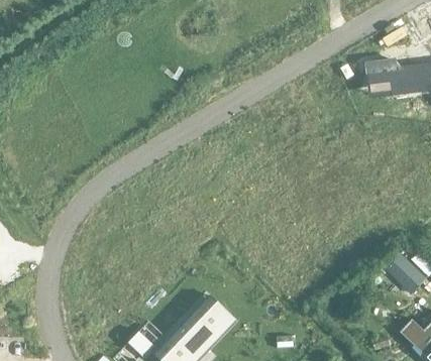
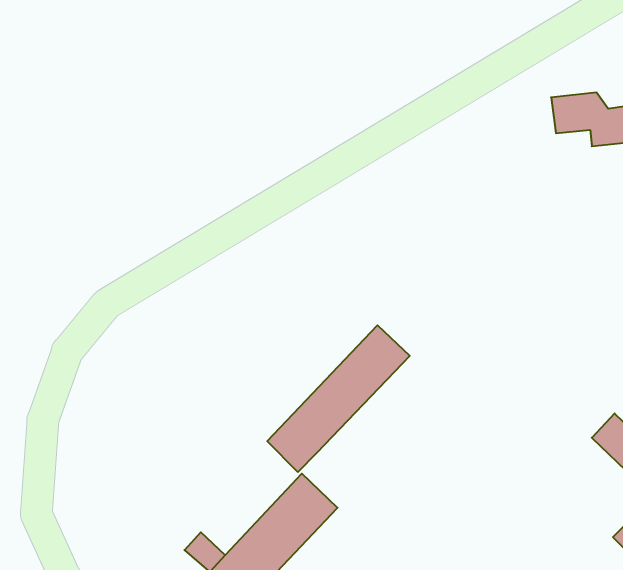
building: none -> [267,325,410,472]

